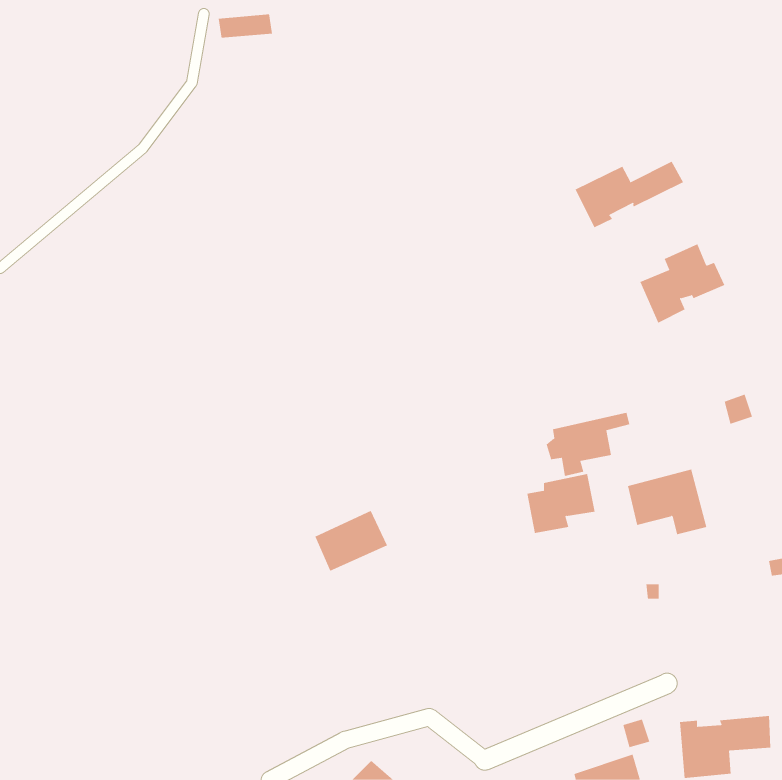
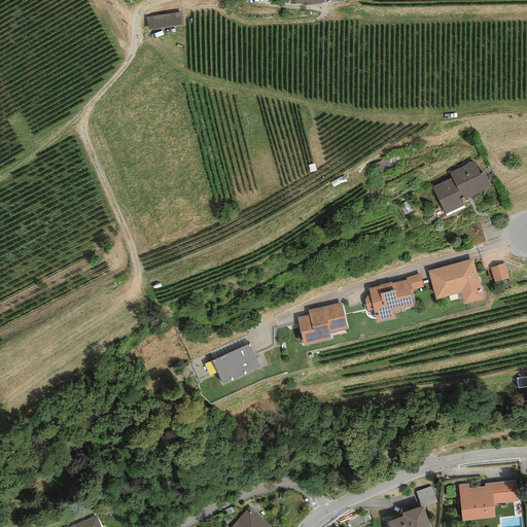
building: [575,161,684,228] -> none
building: [627,469,707,535] -> [430,258,484,303]
building: [526,474,595,533] -> [300,303,346,343]

